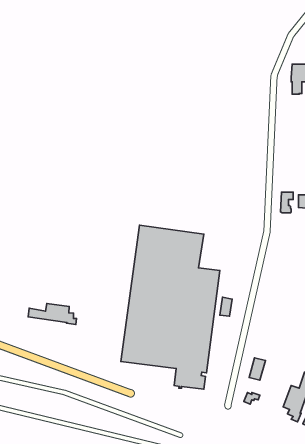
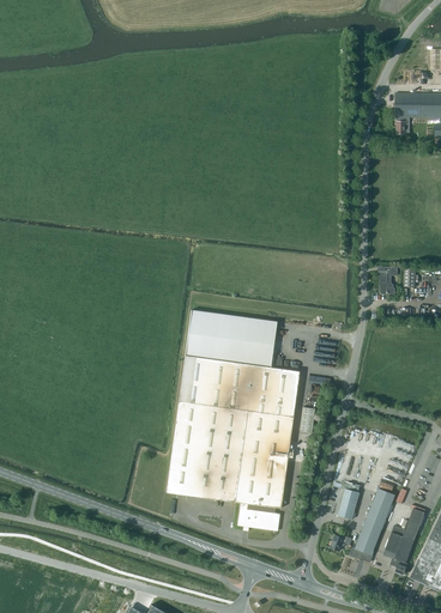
building: [28,304,77,324] -> none
building: none -> [351,479,395,560]

